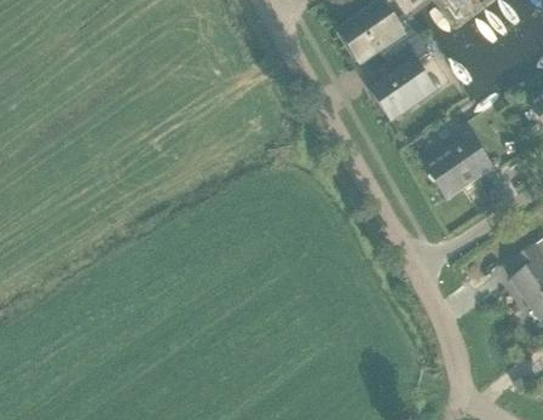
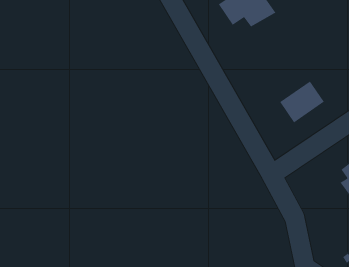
building: [372,42,433,119] -> none

